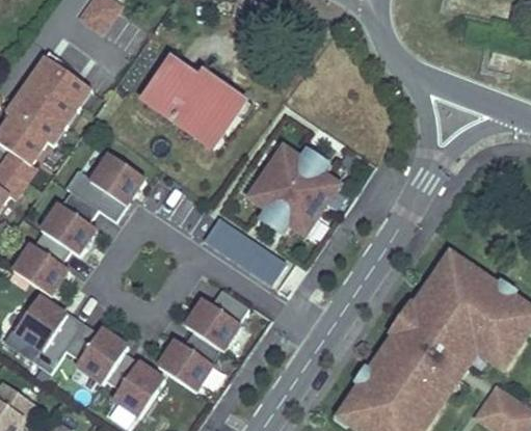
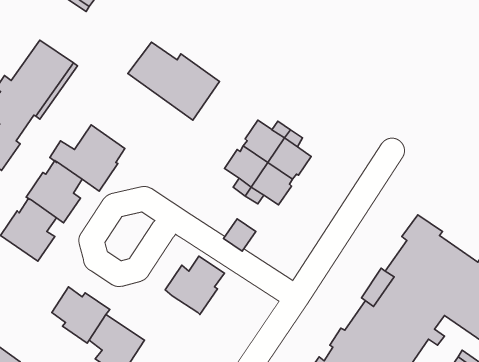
building: [202,218,260,269] -> none
building: [15,294,82,371] -> none
building: [156,329,218,389] -> none

